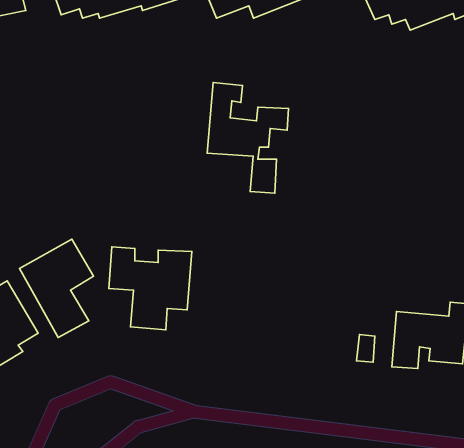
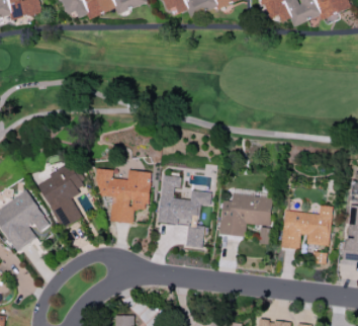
building: [207,82,289,193] -> [158,174,211,247]
building: none -> [218,191,272,236]

